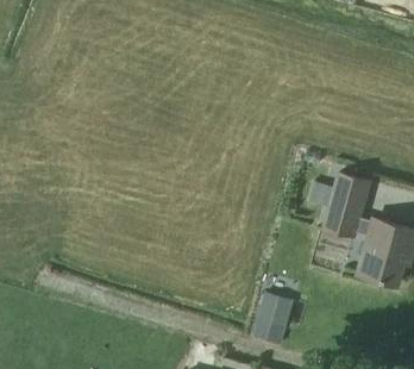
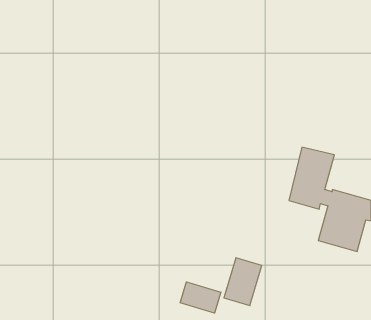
building: none -> [180,282,221,313]

